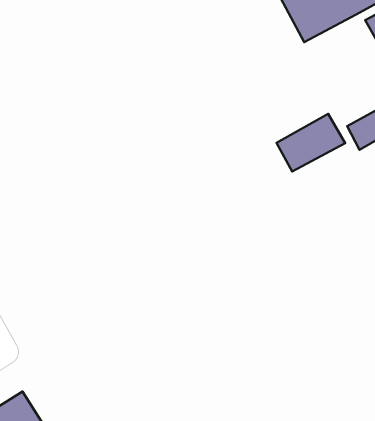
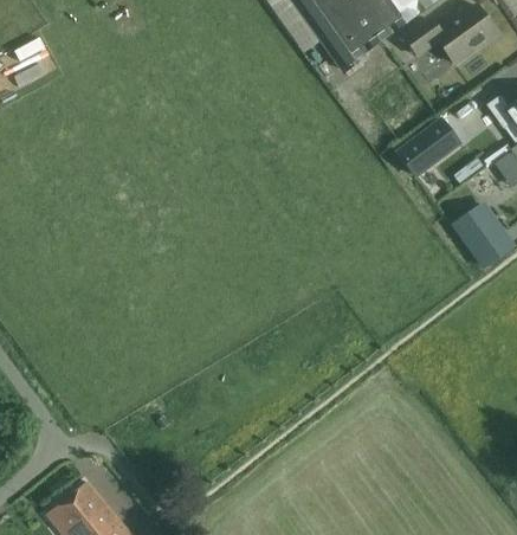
building: [276,114,345,171] -> none

